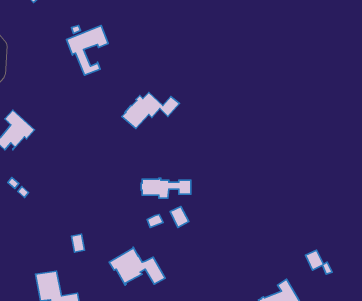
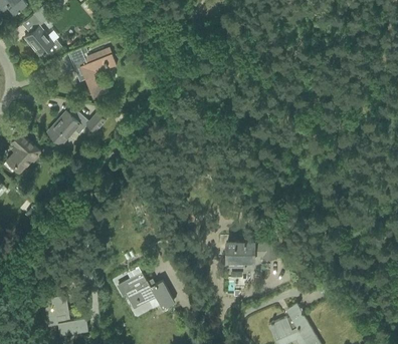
building: none -> [25,27,61,56]
building: [122,93,180,128] -> [48,109,107,145]
building: [141,178,191,198] -> [226,242,276,262]

